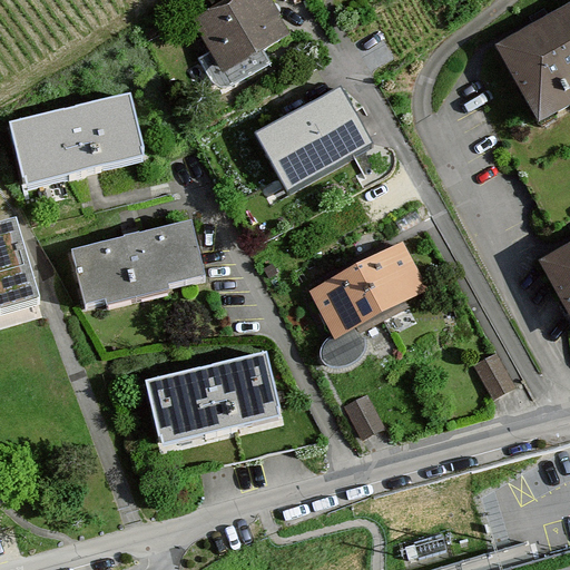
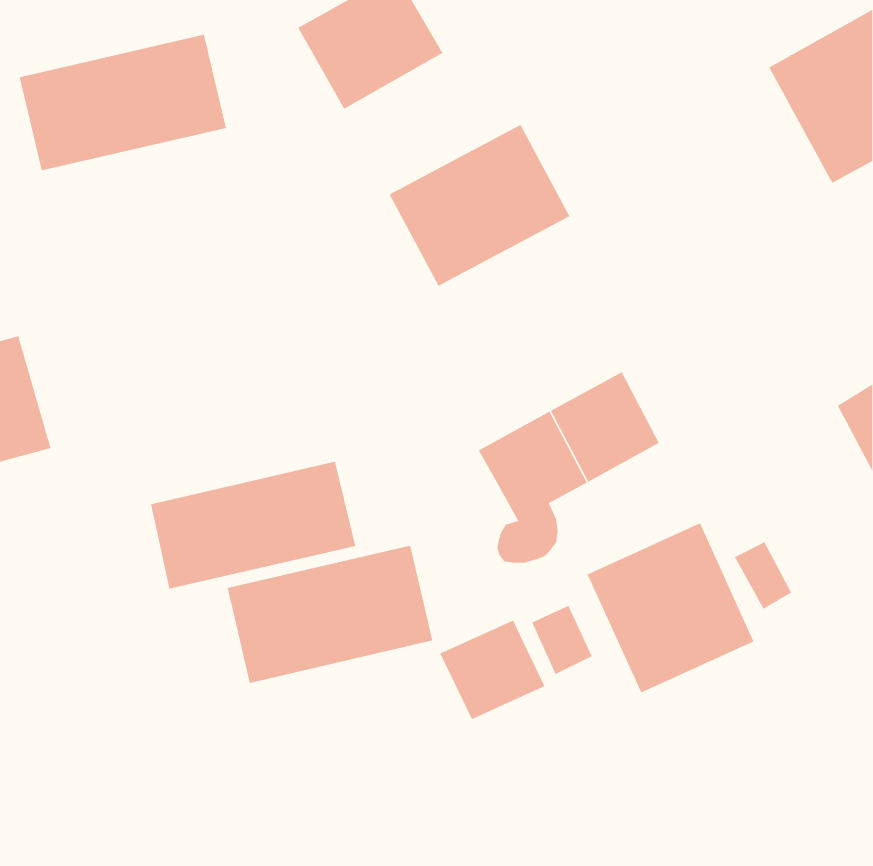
building: [9,96,144,185] -> [19,34,227,171]
building: [71,222,205,305] -> [150,461,356,590]
building: none -> [587,522,755,694]
building: none -> [439,619,546,720]

